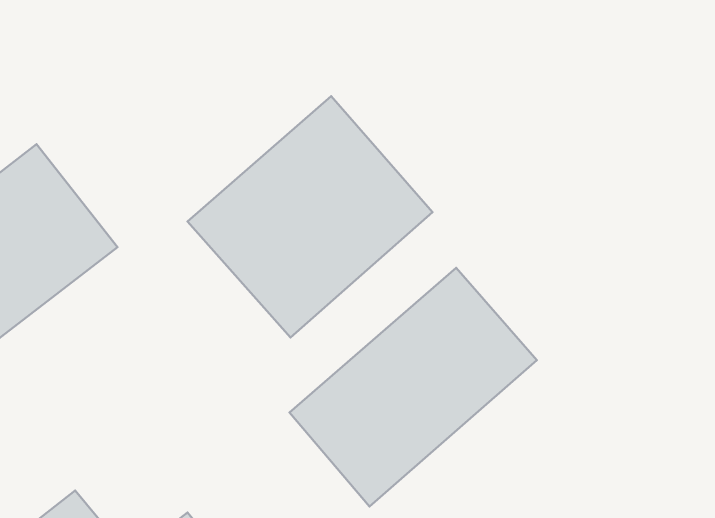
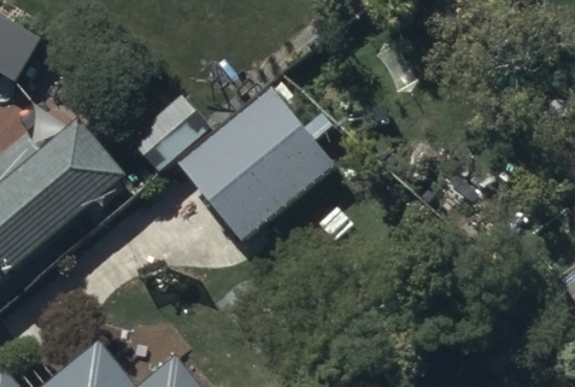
building: [290,268,537,507] -> none

